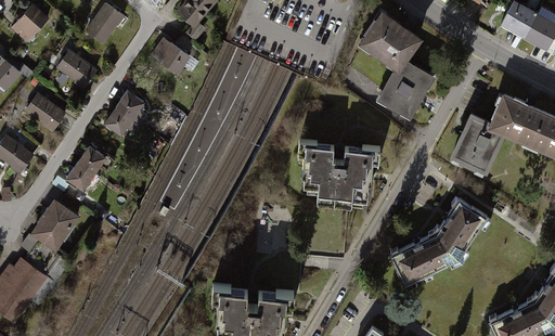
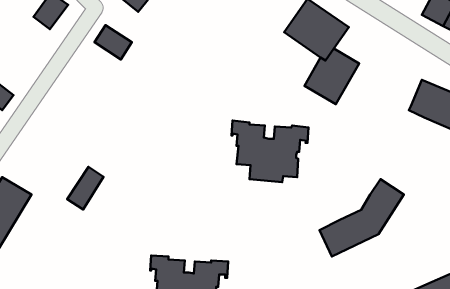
building: [57,49,96,85] -> none
building: [103,90,144,135] -> none
building: [448,114,503,176] -> none
building: [64,144,103,190] -> [67,167,104,209]

